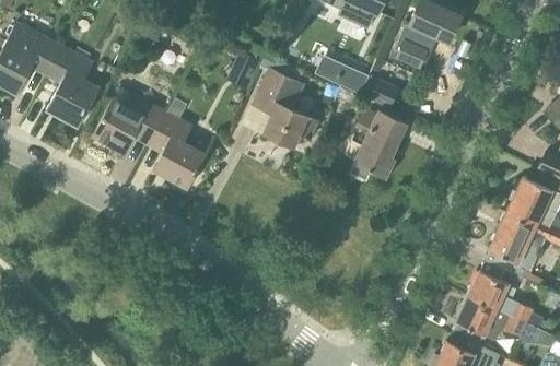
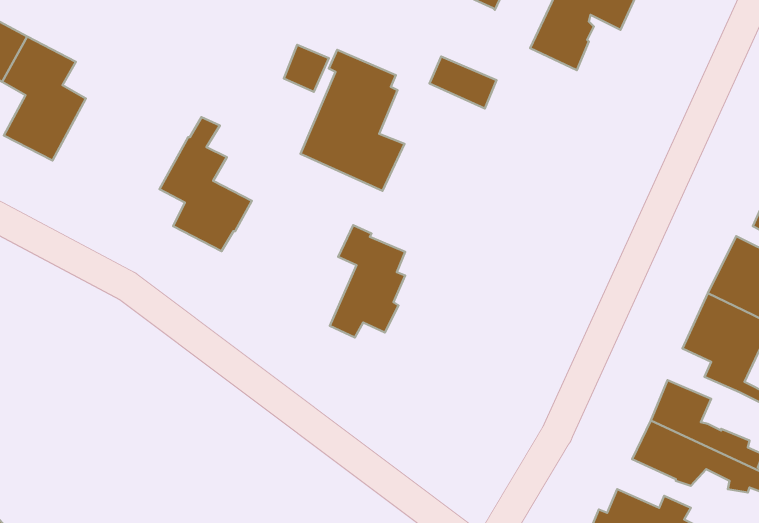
building: [363,76,398,107] -> none
building: [94,94,167,153] -> none
building: [350,107,399,180] -> [330,225,405,337]

